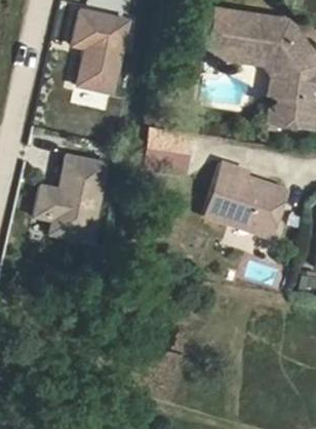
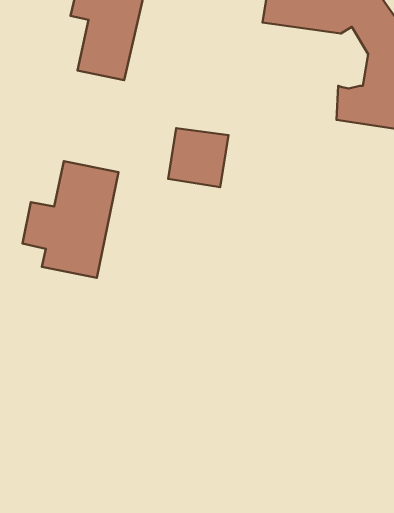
building: [210,48,291,98] -> none
building: [206,161,287,233] -> none

